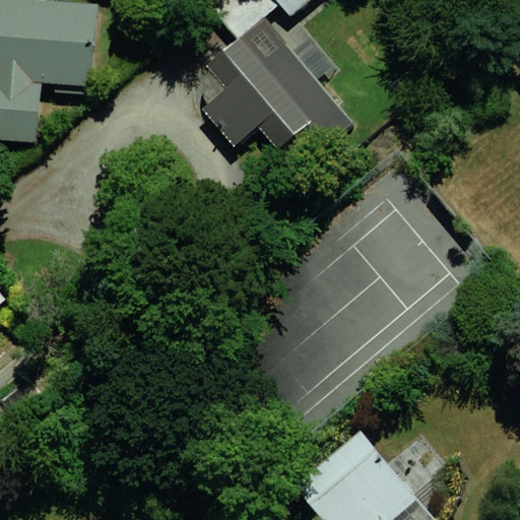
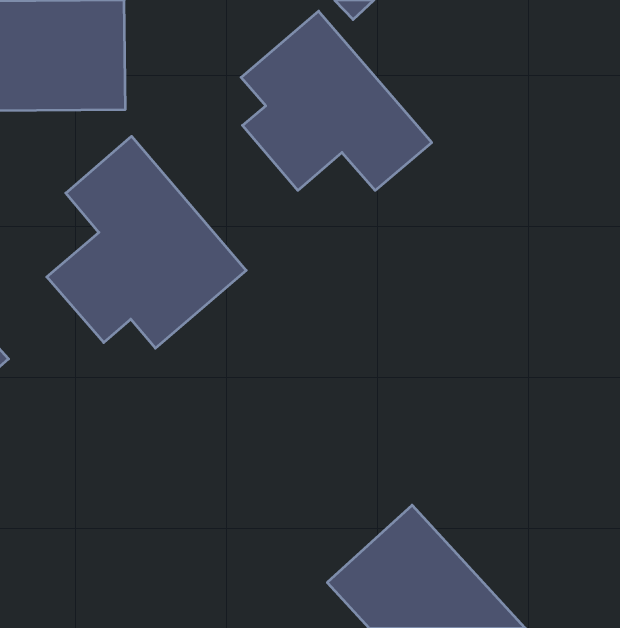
building: none -> [47,136,246,348]

